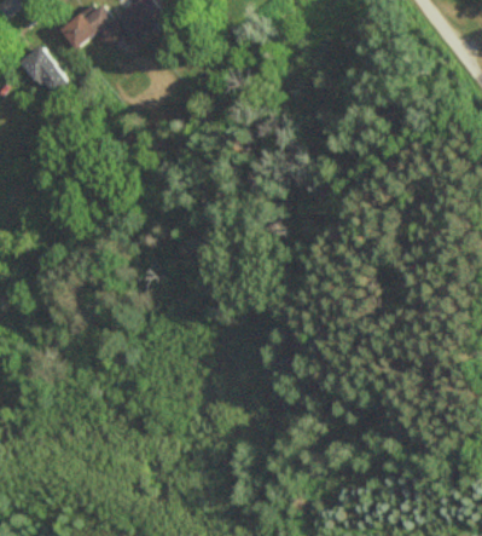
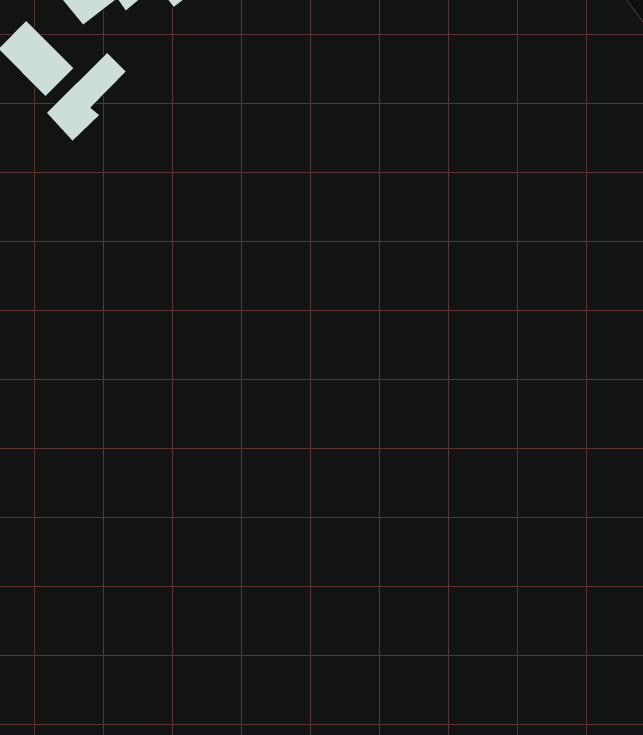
building: none -> [46,52,127,142]

